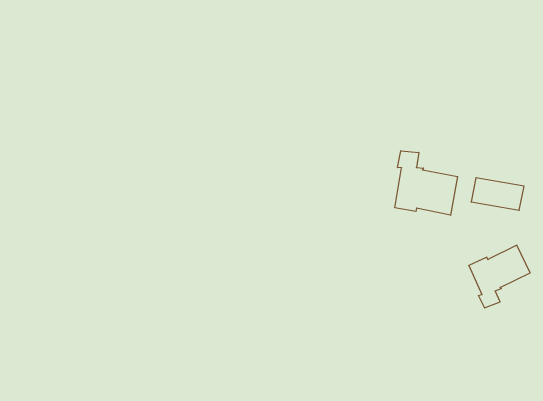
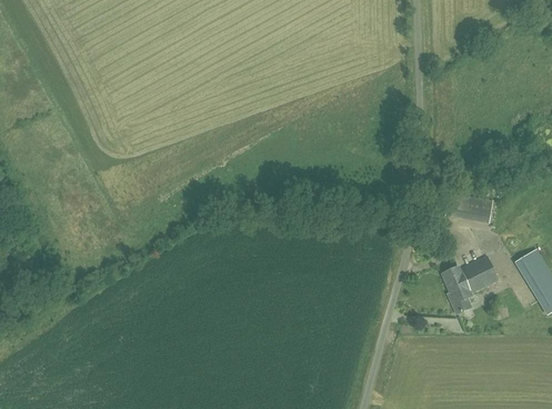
building: [395,151,458,215] -> none

